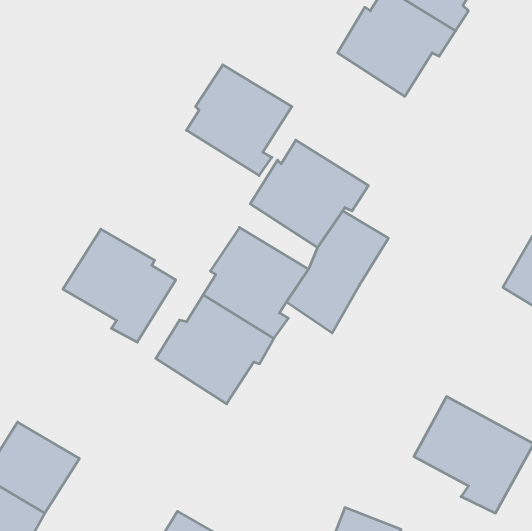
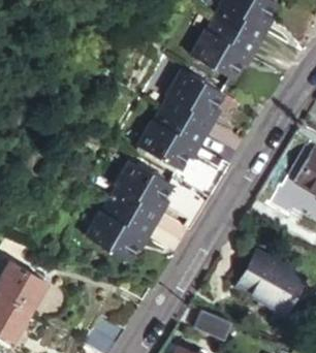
building: [186,65,292,176] -> [171,64,231,127]
building: [63,229,176,342] -> none

